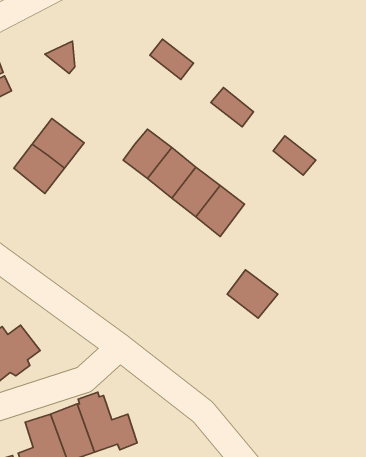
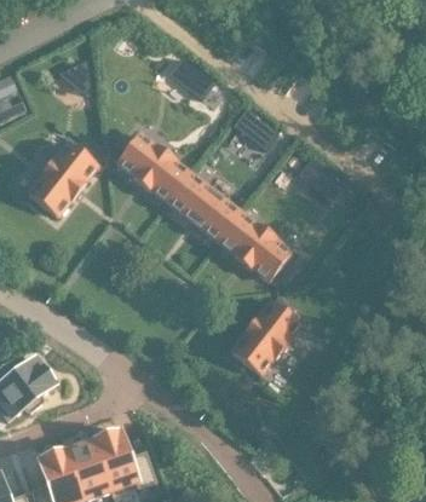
building: none -> [116,131,167,184]
building: none -> [243,230,294,283]
building: none -> [230,324,283,376]

